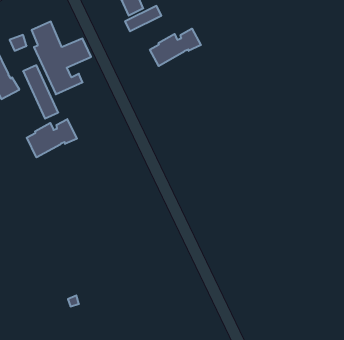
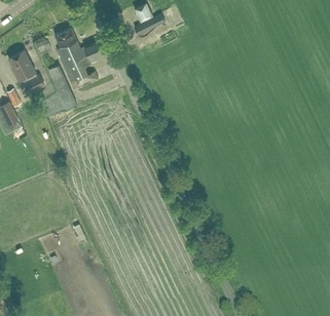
building: [150,29,201,66] -> none
building: [27,119,77,157] -> none

